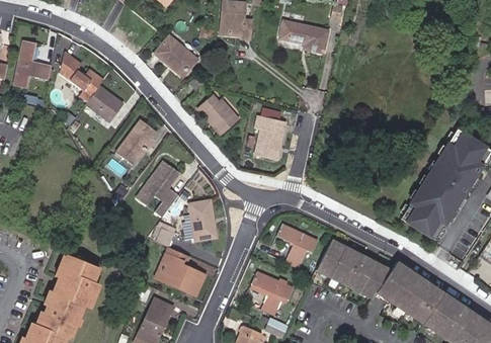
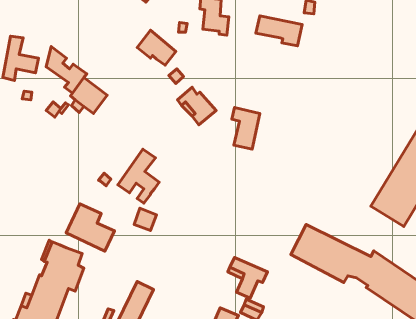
building: [116,120,157,163] -> none
building: [189,199,217,240] -> none
building: [277,224,318,267] -> none
building: [155,246,206,295] -> [66,204,115,251]

